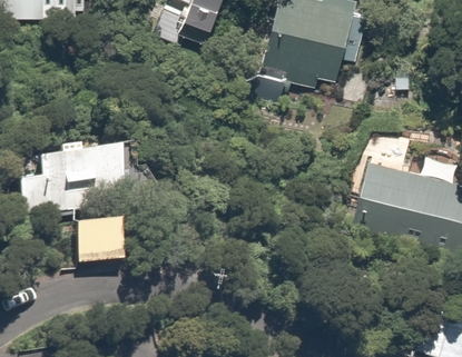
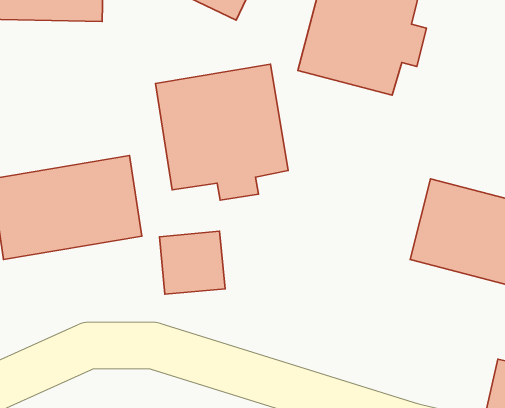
building: none -> [156,64,288,200]
building: [72,216,126,267] -> [159,231,225,294]

